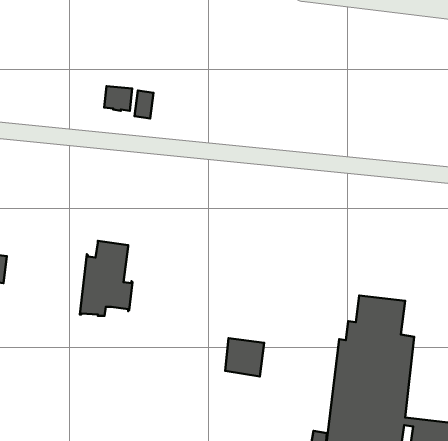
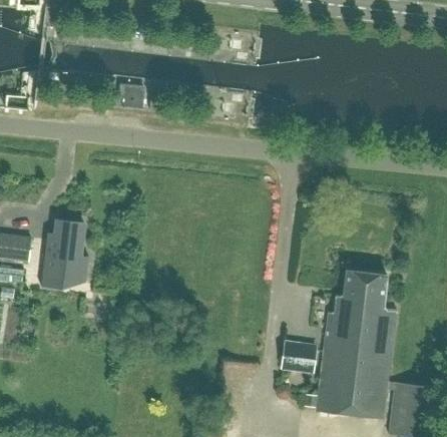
building: [80,241,133,316] -> [40,220,87,287]
building: [225,338,264,376] -> [281,340,316,374]

